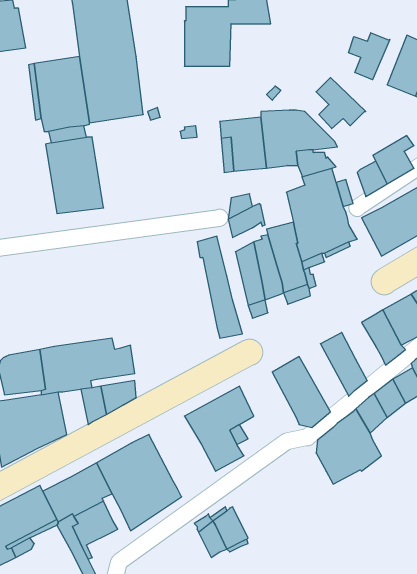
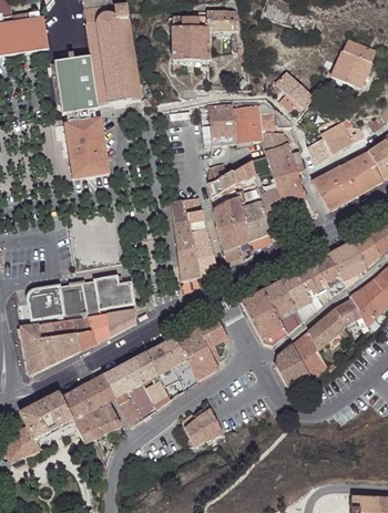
building: [348,33,390,80] -> none
building: none -> [233,161,258,191]
building: none -> [170,201,201,280]
building: none -> [296,264,327,309]
building: none -> [263,280,302,334]
building: none -> [74,316,98,351]
building: none -> [145,337,198,390]

